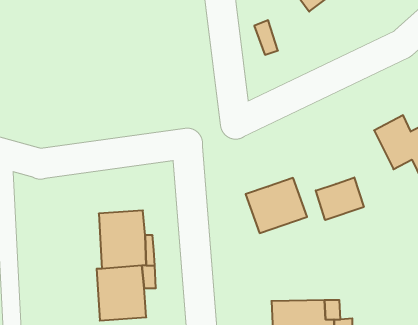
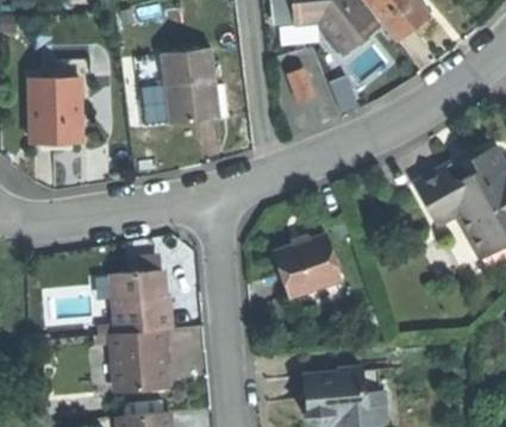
building: none -> [161,50,217,124]
building: none -> [27,79,77,145]
building: [316,177,364,220] -> none

